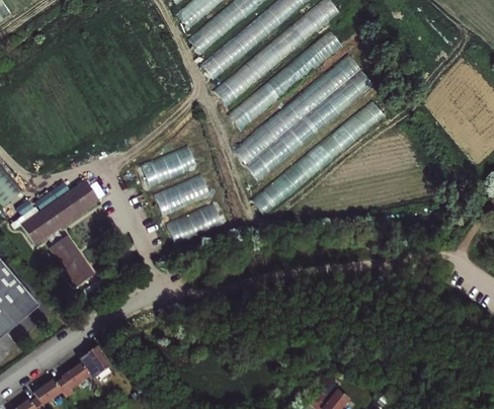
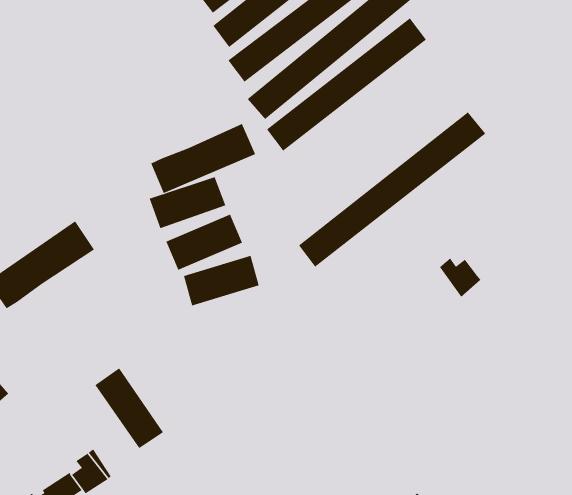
building: [231,56,374,177] -> none
building: none -> [151,123,256,194]
building: none -> [439,258,481,297]
building: [44,226,94,285] -> [95,367,164,449]

